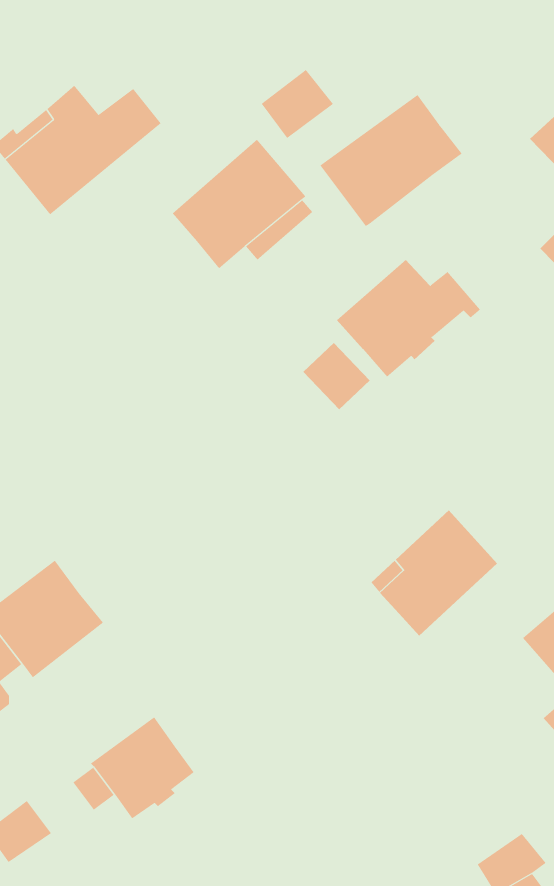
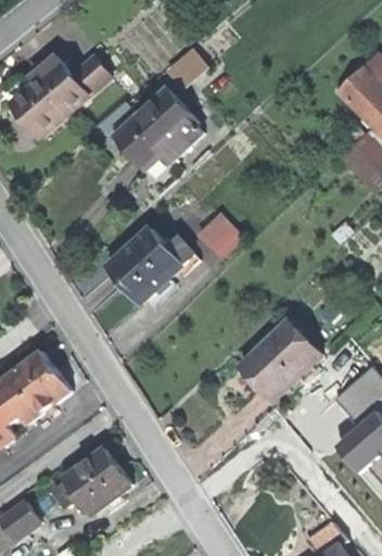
building: [320,94,462,227] -> none
building: [336,259,481,377] -> [106,228,196,302]

